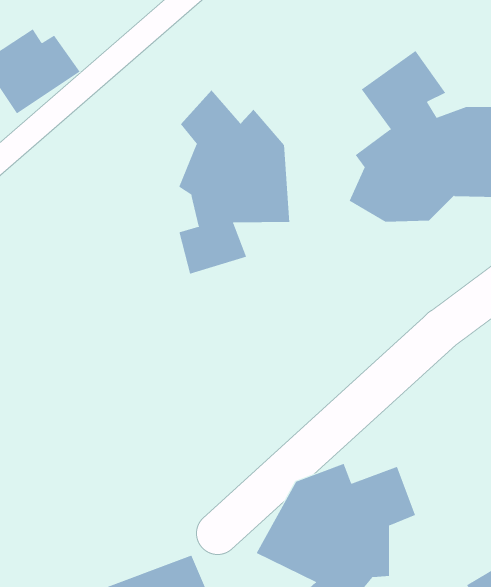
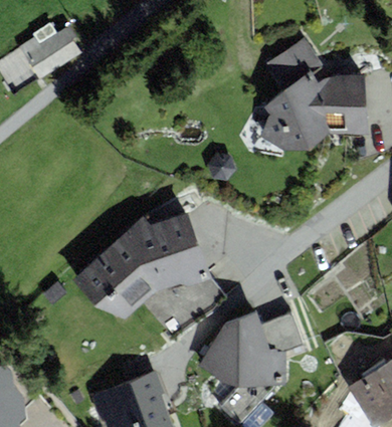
building: [179,90,290,275] -> none
building: none -> [73,214,212,321]

